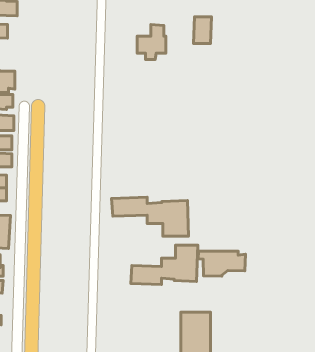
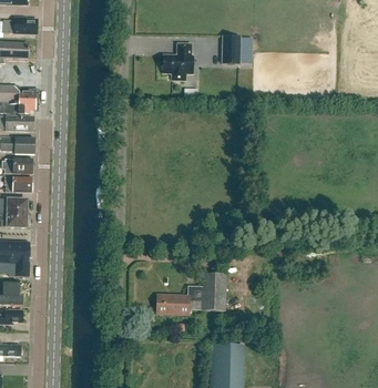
building: [112,197,189,236] -> none
building: [198,251,245,276] -> none

